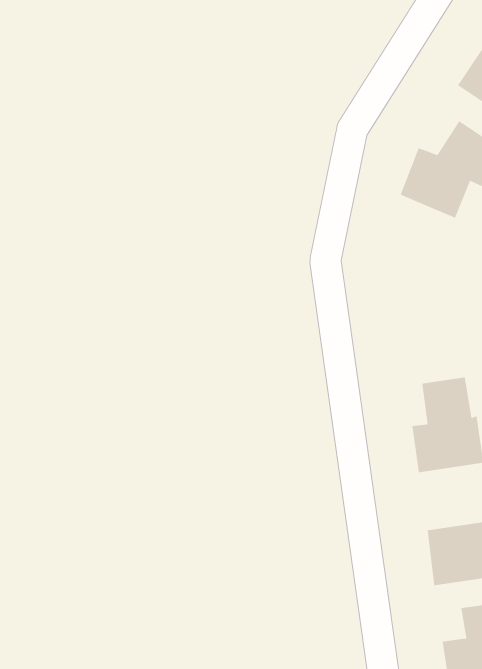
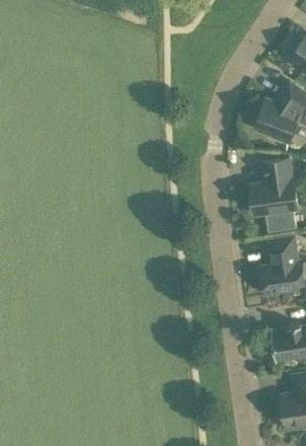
building: none -> [248,159,297,232]

